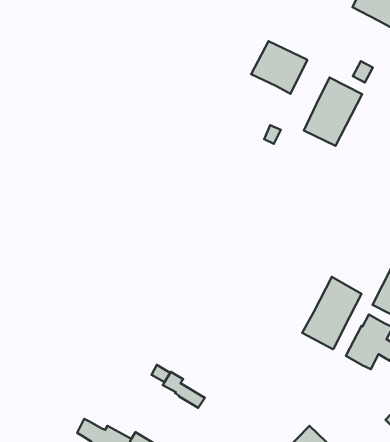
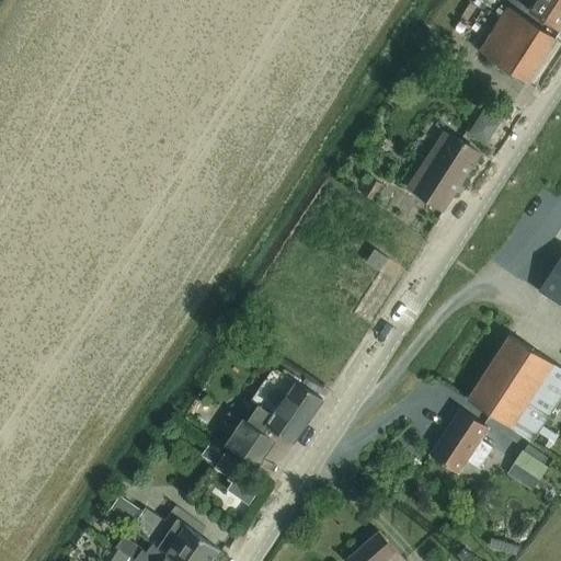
building: [251,41,307,94] -> none
building: [302,277,362,349] -> none
building: none -> [225,370,322,466]

